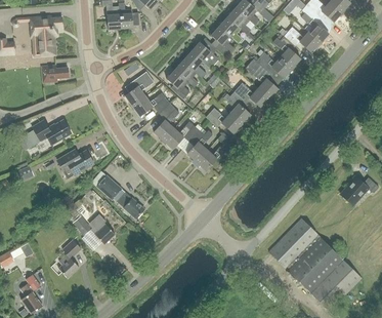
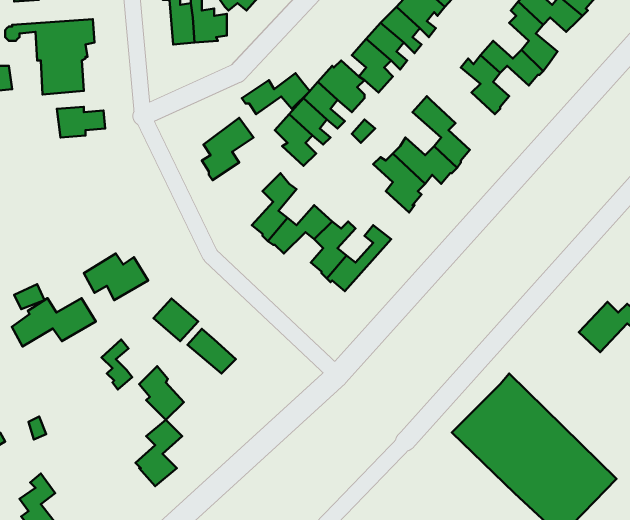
building: [255,51,292,77] -> none
building: [130,92,169,116] -> [242,73,310,114]
building: [205,108,243,133] -> none
building: [23,120,71,148] -> [12,298,96,347]
building: [55,240,82,278] -> [136,420,182,486]

